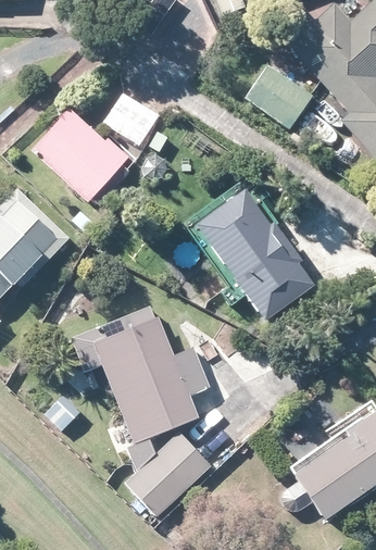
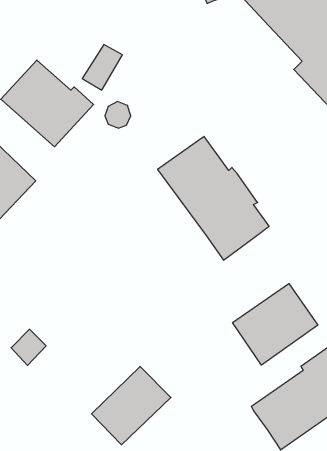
building: [246,65,312,128] -> none
building: [95,304,199,442] -> none
building: none -> [233,284,318,365]

